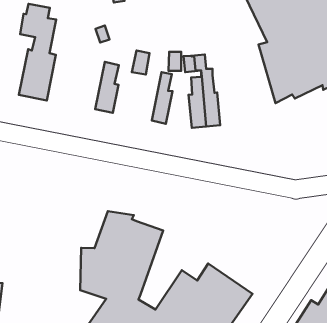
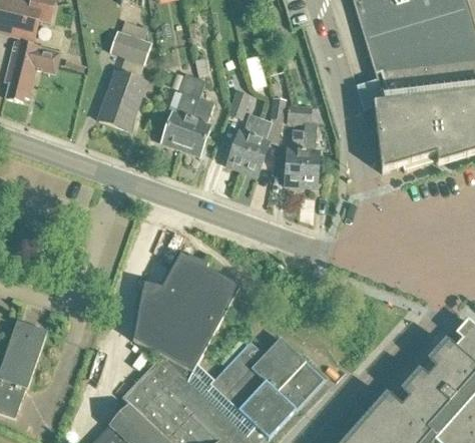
building: none -> [161,70,205,145]
building: none -> [226,111,261,167]

